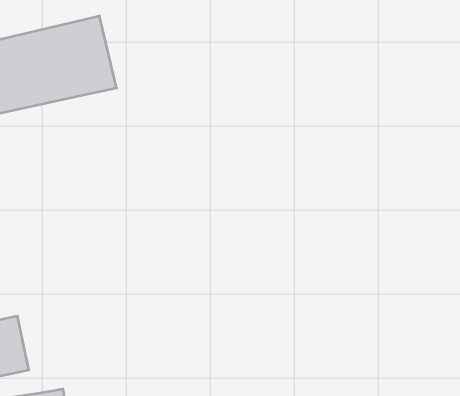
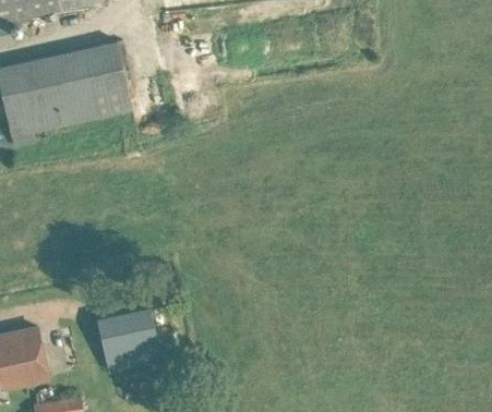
building: none -> [96,307,161,371]

